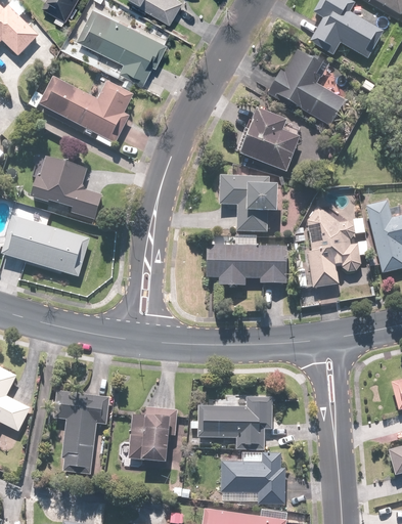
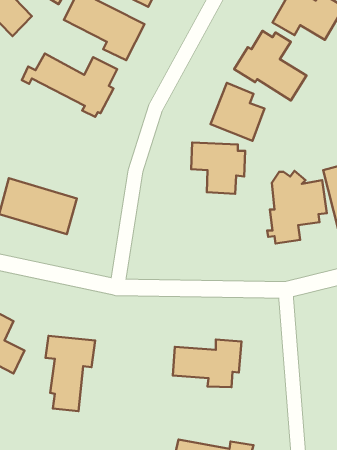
building: [29,155,103,219] -> none
building: [206,234,286,286] -> none
building: [128,406,177,463] -> none
building: [220,451,284,503] -> none

